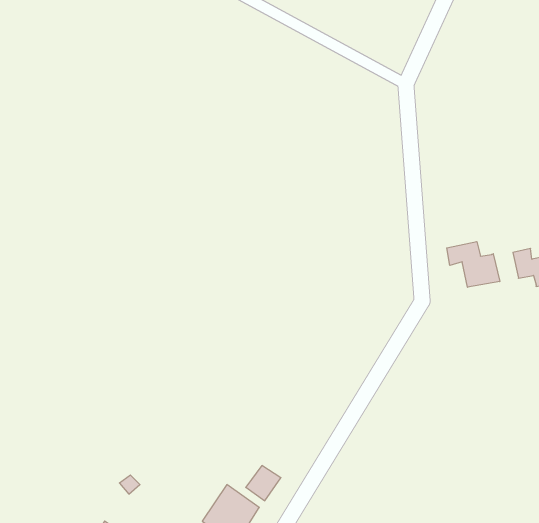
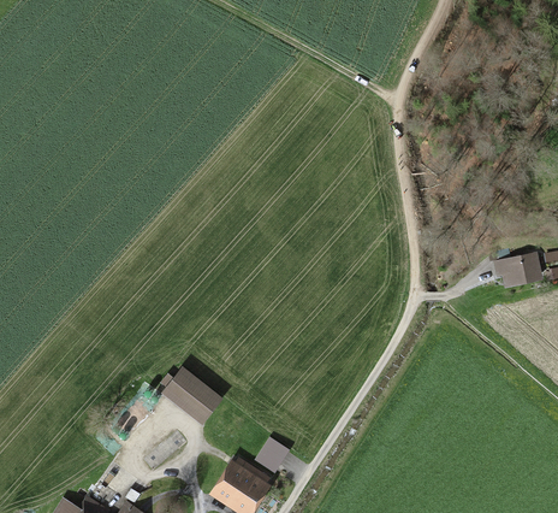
building: [447,242,500,287] -> none
building: none -> [161,371,220,420]

